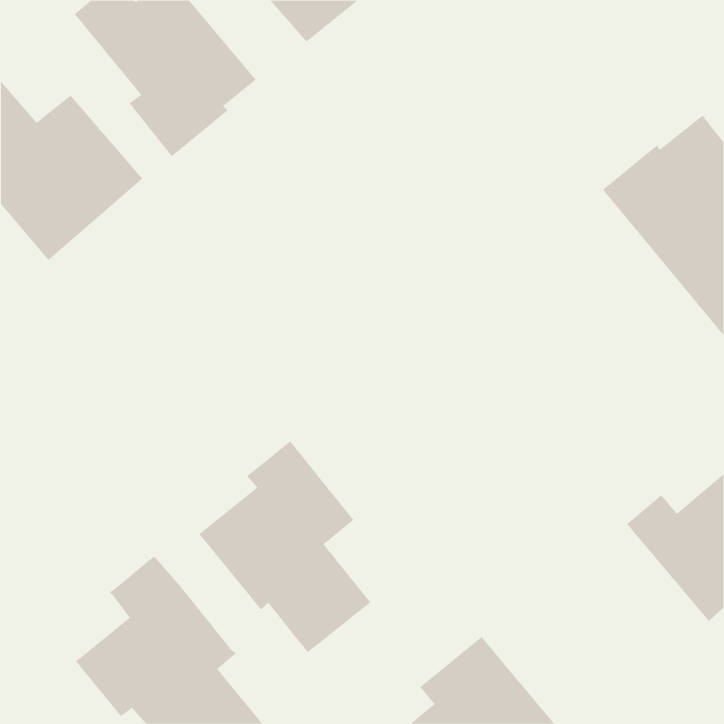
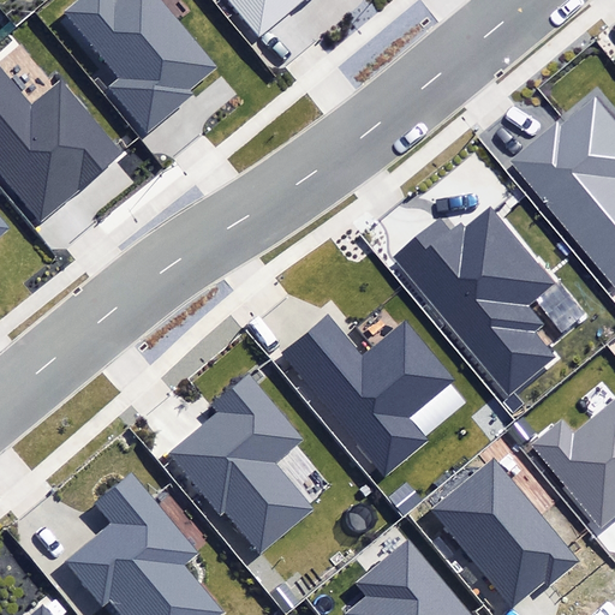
building: none -> [393,208,556,396]
building: none -> [283,316,456,476]
building: none -> [430,458,579,608]

